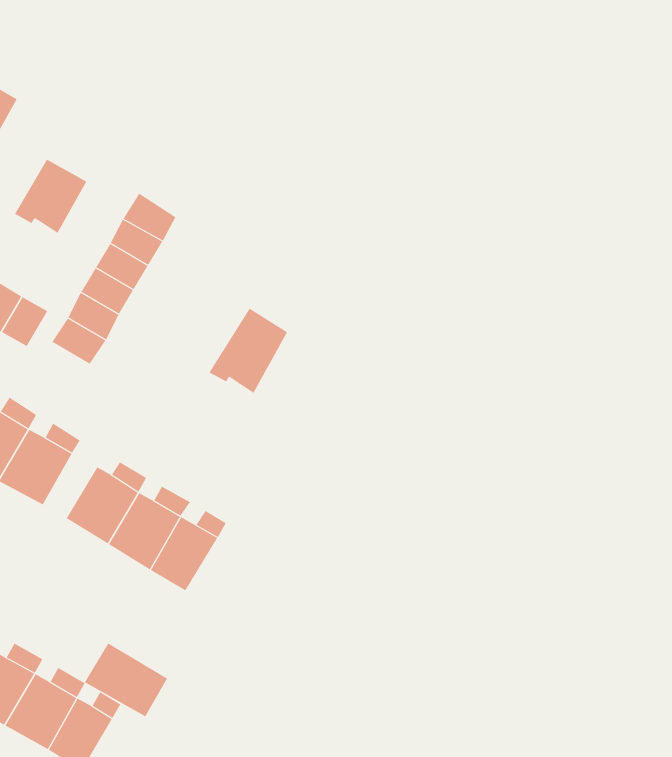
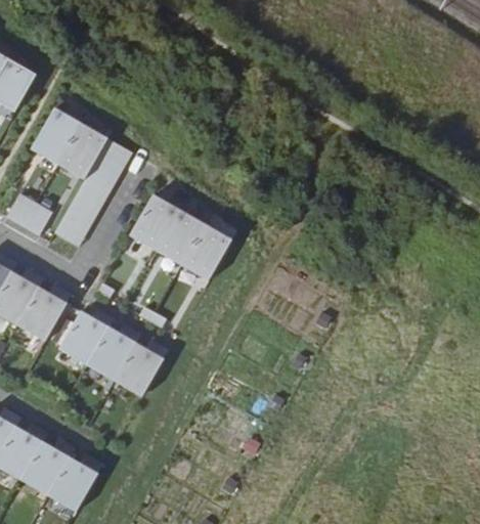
building: none -> [57,132,101,182]
building: none -> [129,196,178,253]
building: none -> [181,227,225,282]
building: [84,643,168,717] -> none

